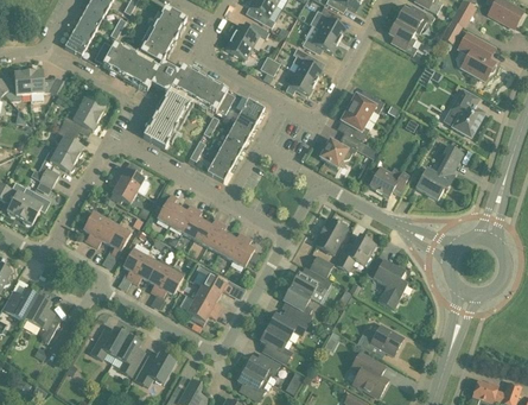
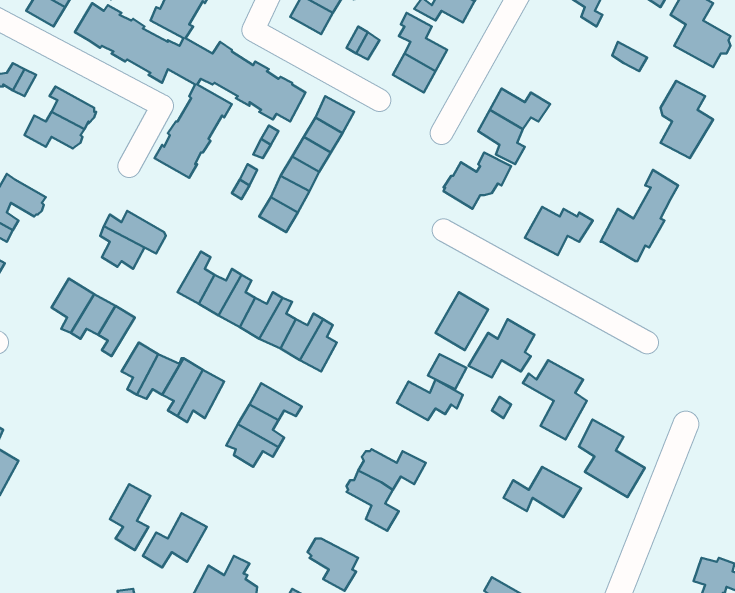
building: [55,126,83,159] -> none
building: [284,285,312,322] -> none
building: [90,327,127,359] -> none
building: [349,349,389,397] -> [579,420,645,497]
building: [243,355,280,380] -> none

